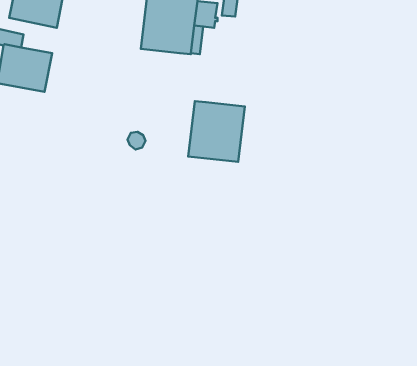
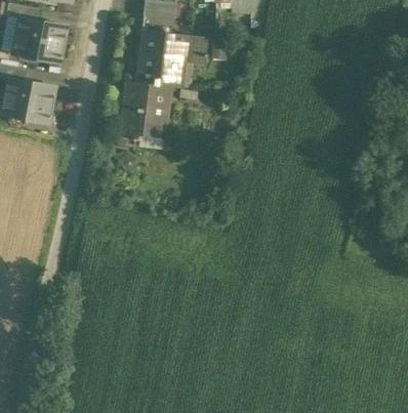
building: [188,101,245,162] -> [120,81,172,137]

